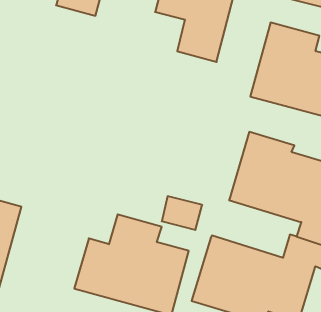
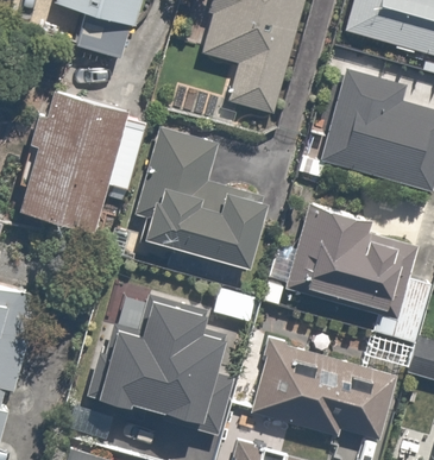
building: none -> [23,90,130,237]
building: none -> [125,126,273,273]

